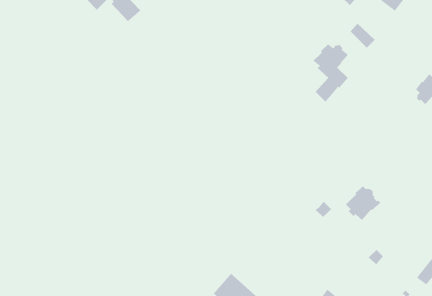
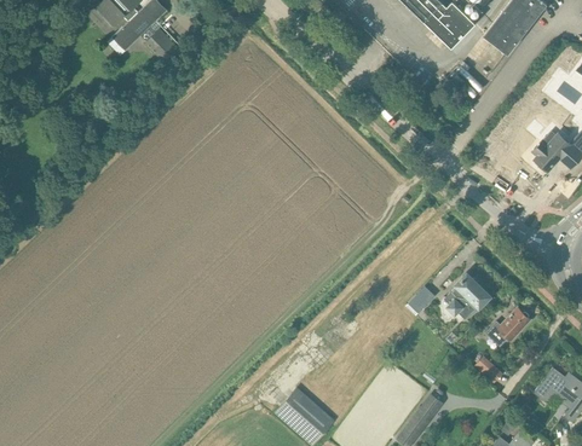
building: [313,43,349,102] -> none
building: none -> [486,307,530,347]

